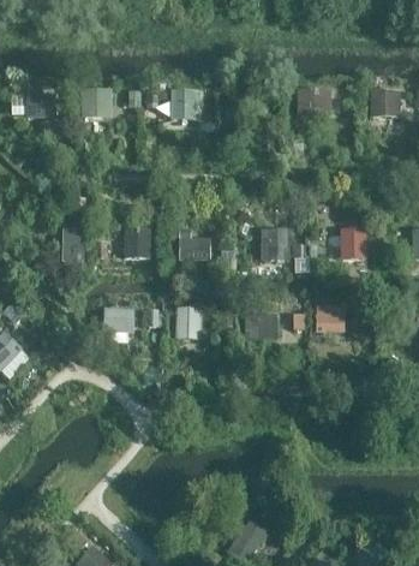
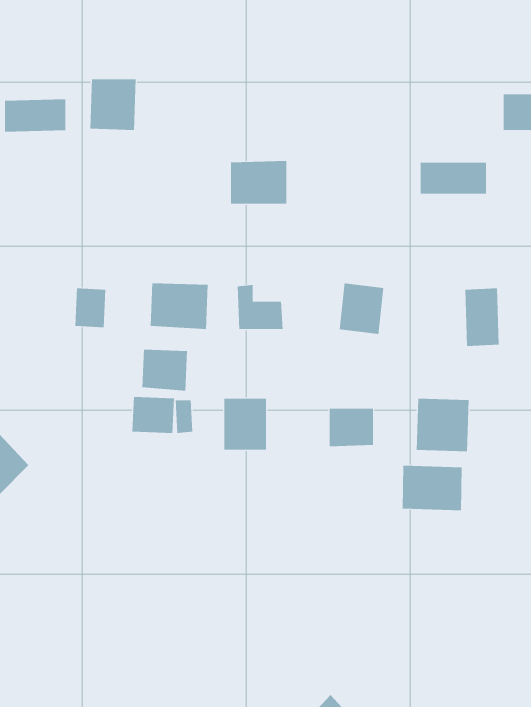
building: [160,88,200,119] -> [230,161,287,204]
building: [289,91,337,114] -> [420,162,487,194]
building: none -> [142,349,187,391]
building: none -> [402,465,462,511]

